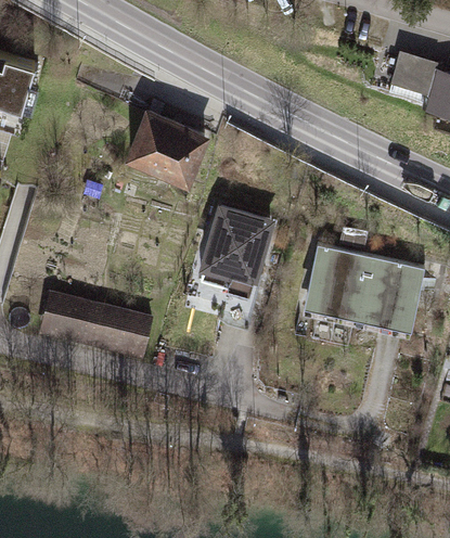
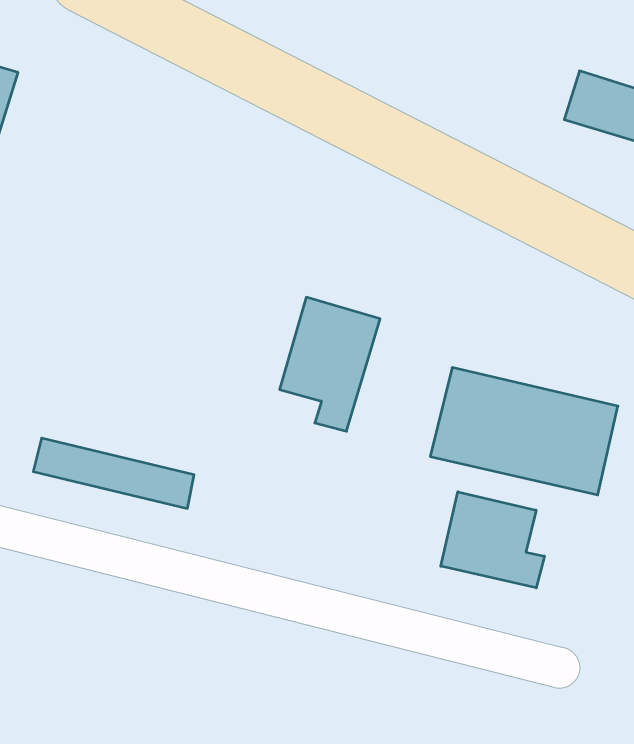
building: [130,112,205,178] -> none
building: none -> [441,492,544,588]

